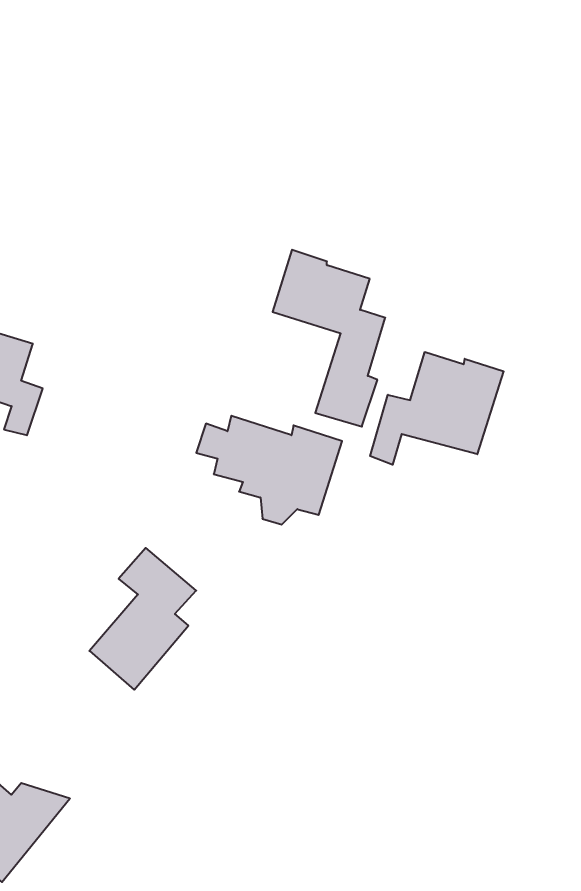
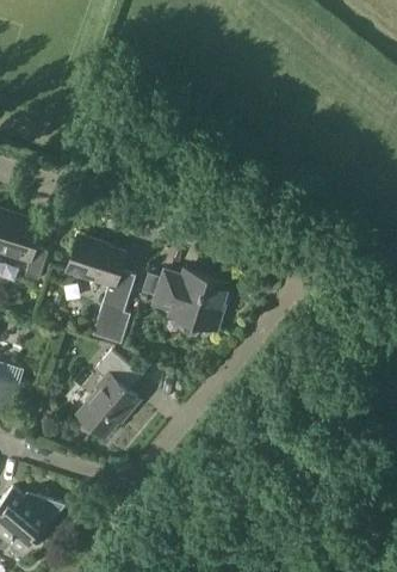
building: [273,250,385,427] -> [66,235,135,344]
building: [370,352,504,465] -> none

